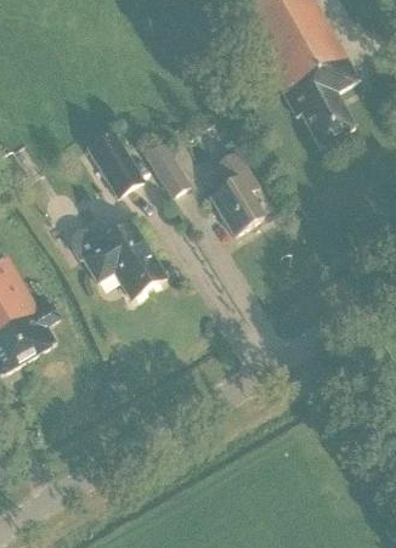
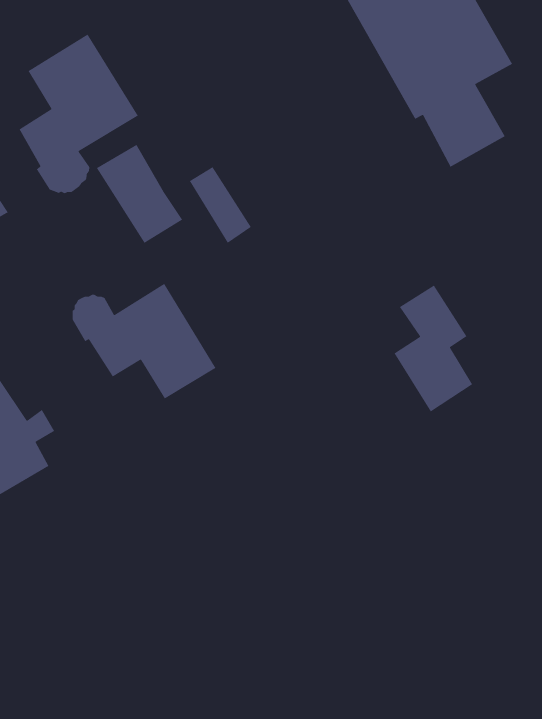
building: none -> [18,33,139,194]
building: [210,151,262,235] -> [393,284,473,412]

